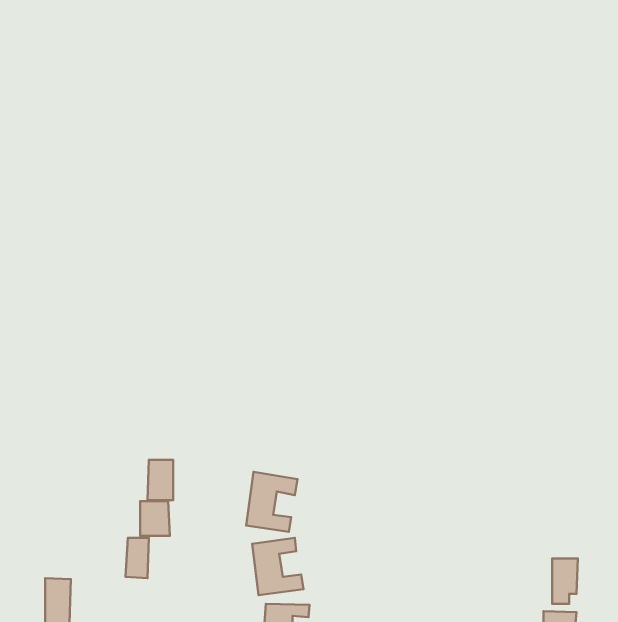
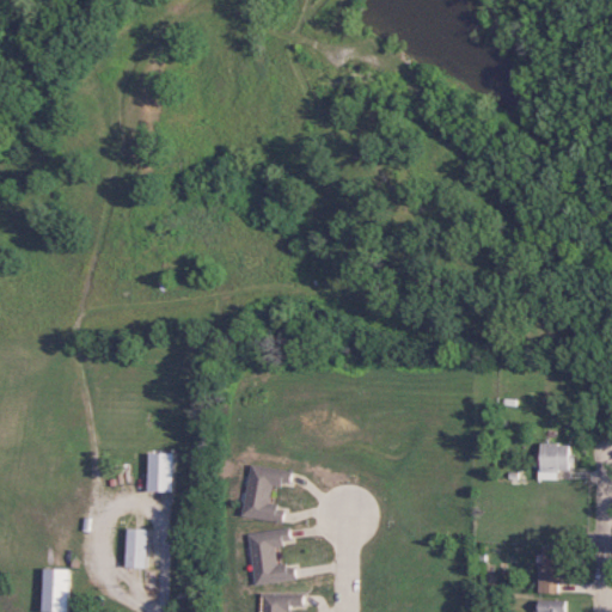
building: none -> [537,442,571,479]
building: [140,501,170,536] -> none

